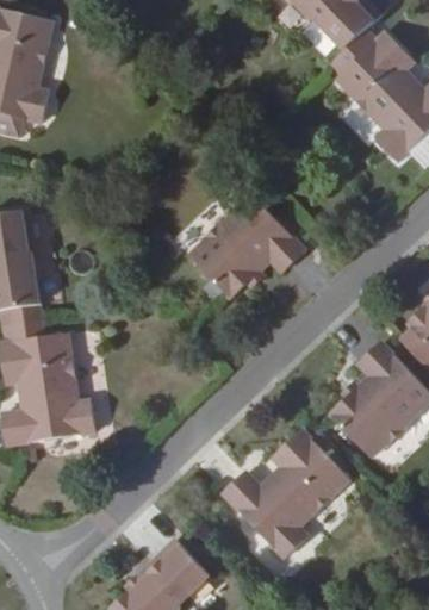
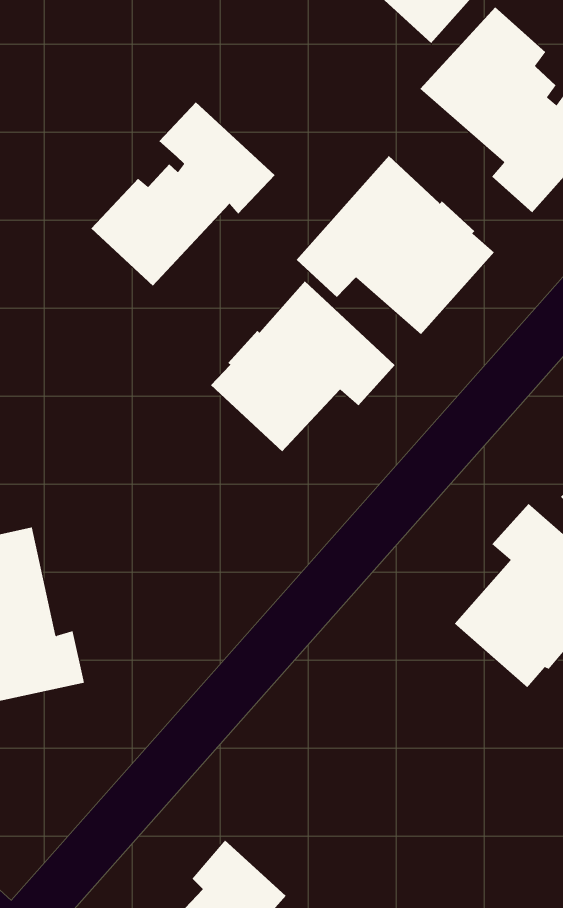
building: none -> [91,101,275,287]
building: none -> [296,155,495,335]
building: [222,429,349,558] -> none

